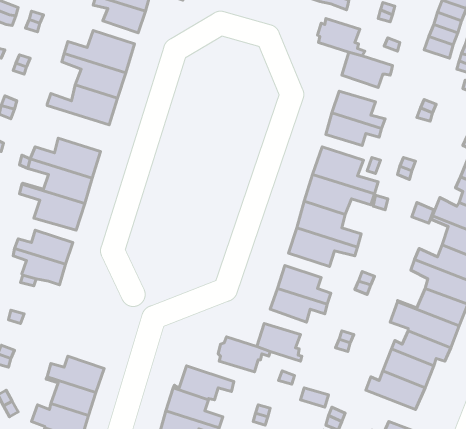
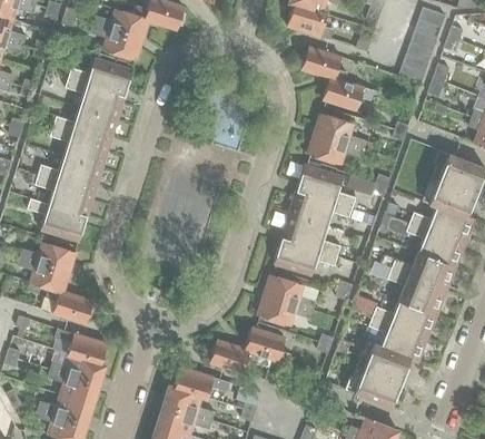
building: none -> [50,126,109,168]
building: none -> [51,287,92,322]
building: none -> [56,328,107,368]

